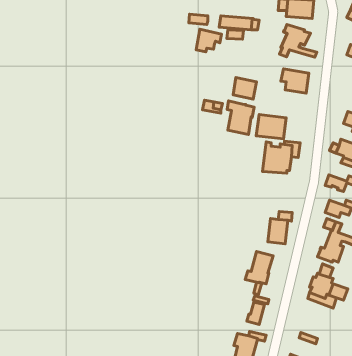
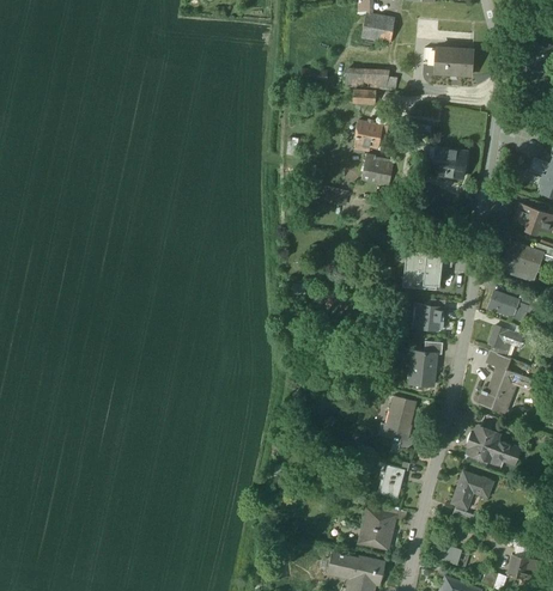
building: [280,25,317,57] -> none
building: [196,29,221,52] -> [353,121,388,152]
building: [227,101,254,134] -> none
building: [256,115,286,139] -> none
building: none -> [413,304,445,329]
building: none -> [451,470,493,507]

